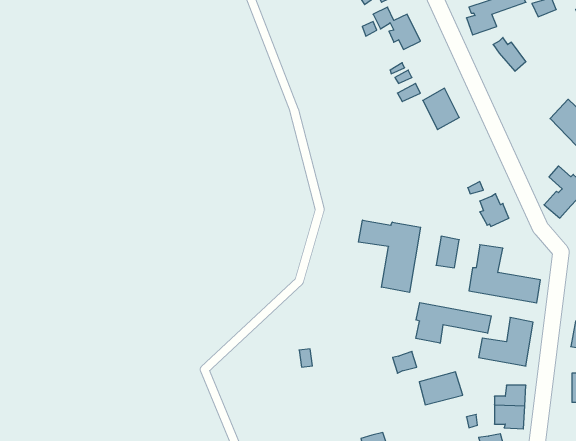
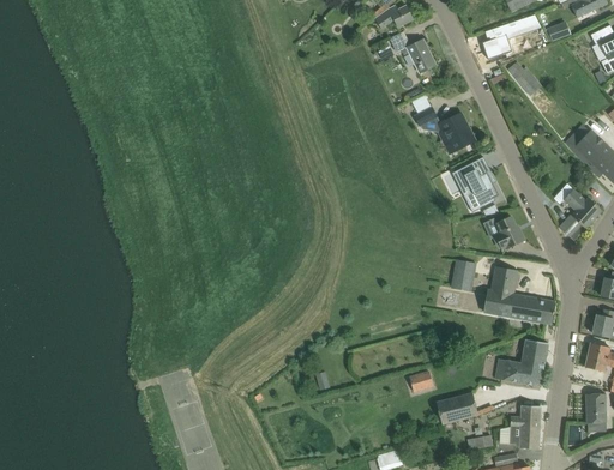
building: none -> [455,162,499,207]
building: [358,220,421,292] -> none
building: [416,303,491,343] -> none

